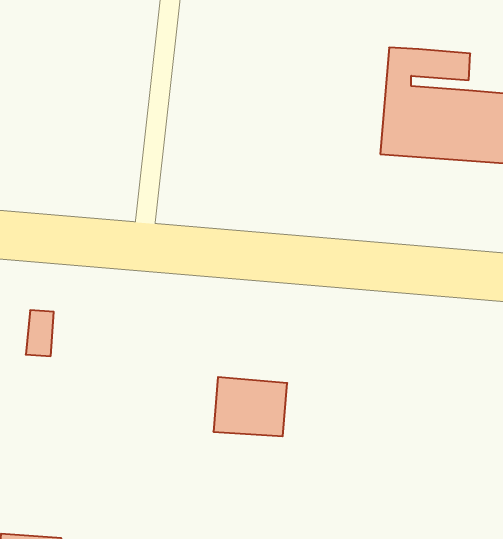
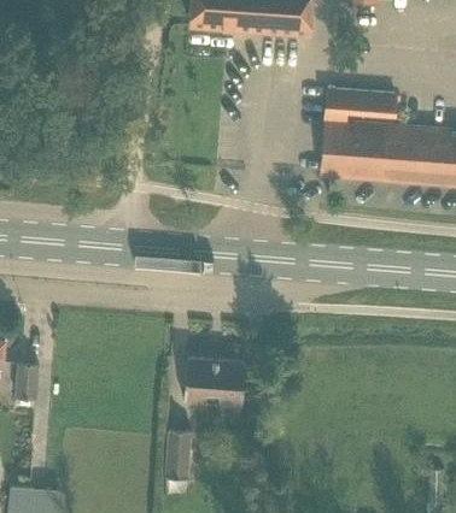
building: [26,310,54,356] -> [16,361,39,399]
building: none -> [166,429,191,476]

